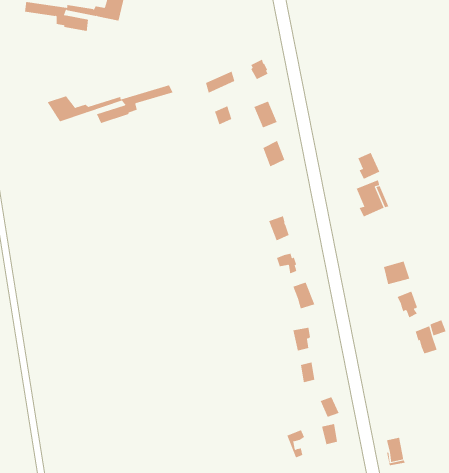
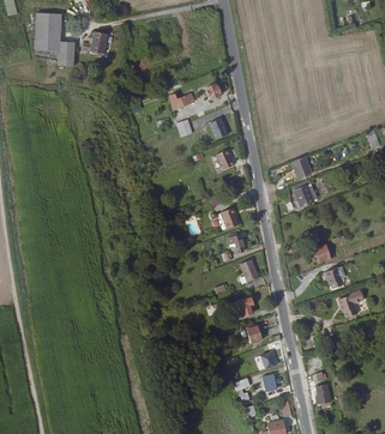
building: [47,84,173,124] -> none

